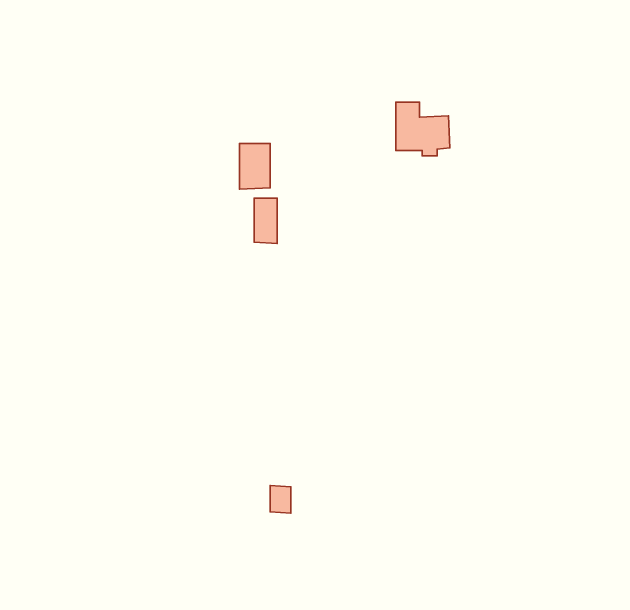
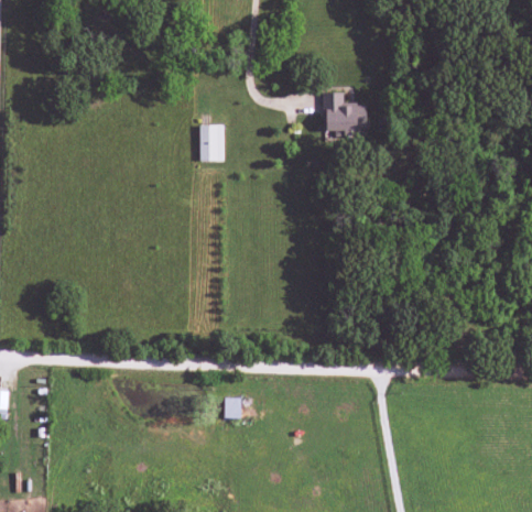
building: [254,198,277,244] -> none

